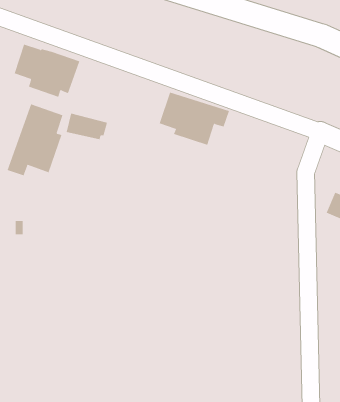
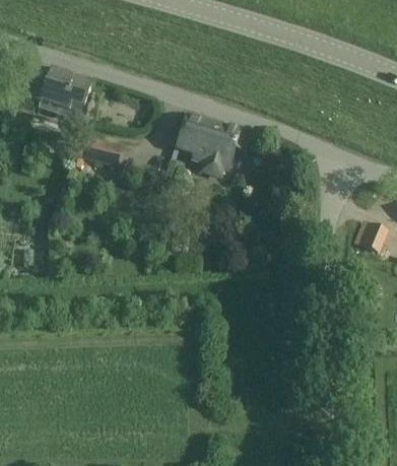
building: [7,104,63,176] -> none

